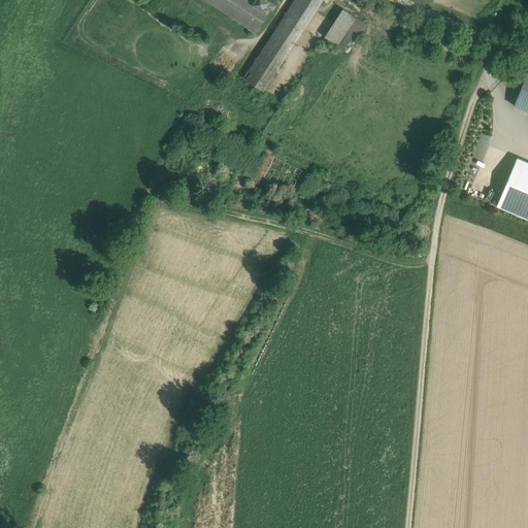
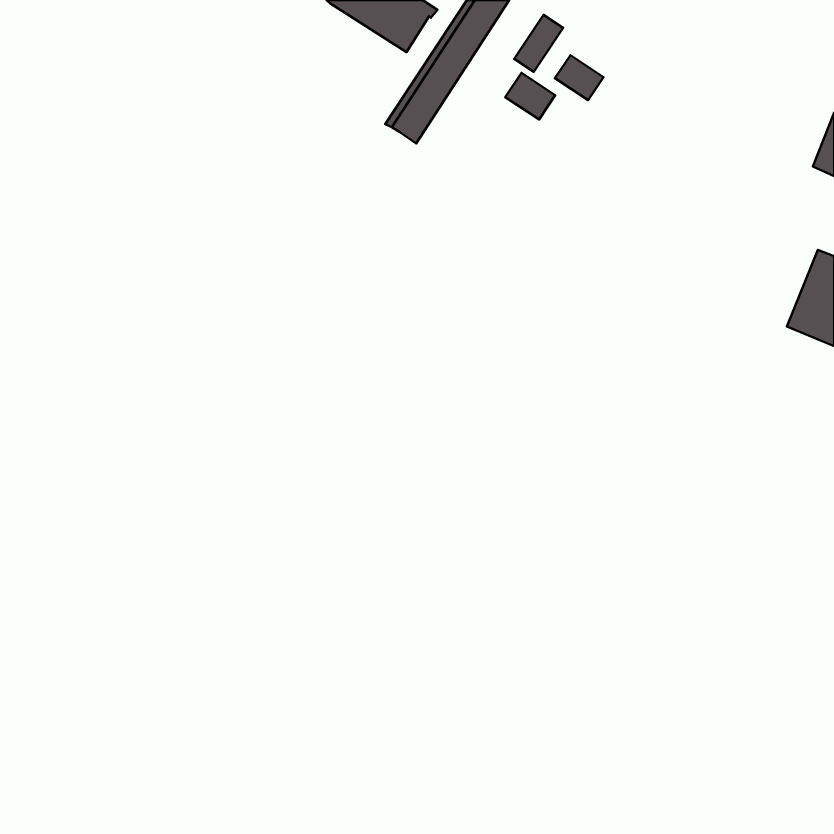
building: none -> [555,55,604,100]
building: none -> [505,73,555,120]

